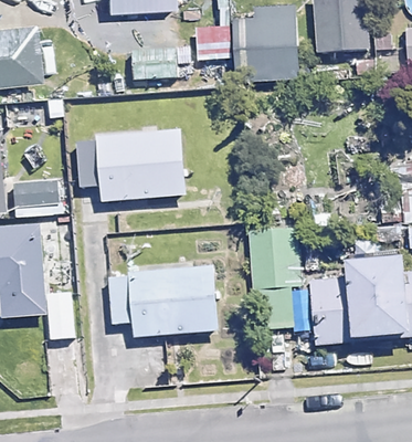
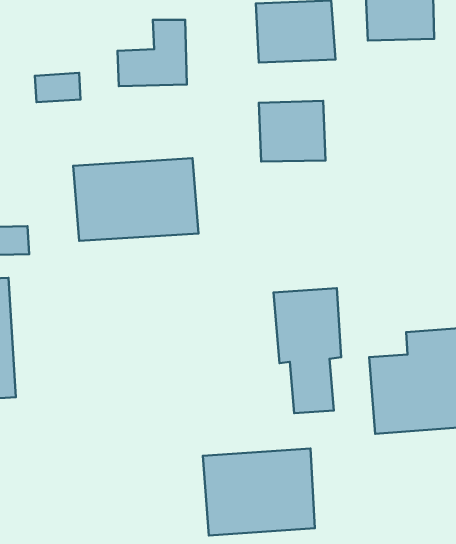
building: none -> [259,101,325,161]
building: [133,272,216,337] -> [203,448,315,535]

